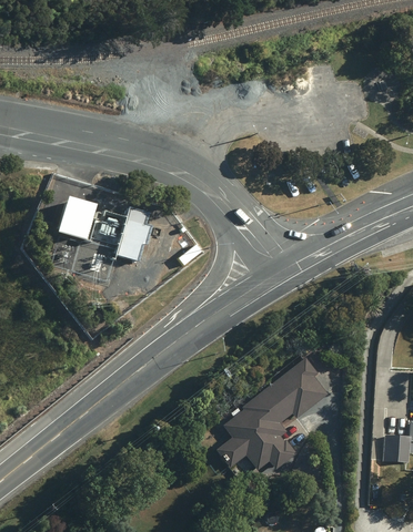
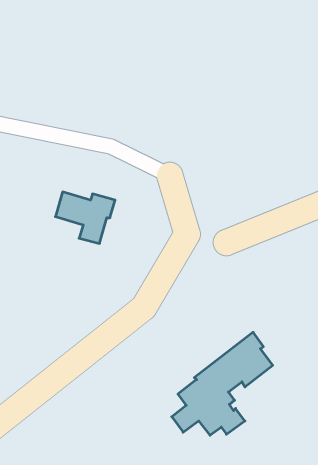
building: [56,197,94,241] -> none

